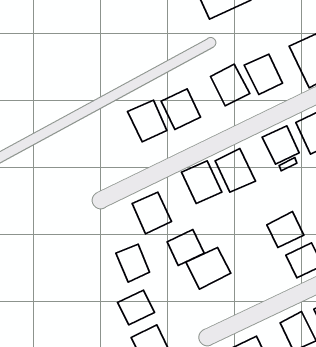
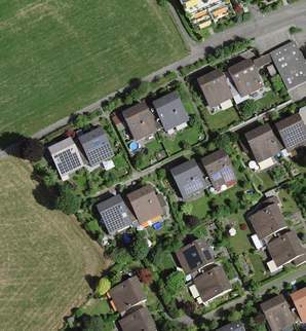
building: none -> [77,126,114,164]
building: none -> [47,139,82,176]
building: [167,229,204,265] -> [193,266,227,299]
building: [116,244,149,282] -> [99,196,129,231]

